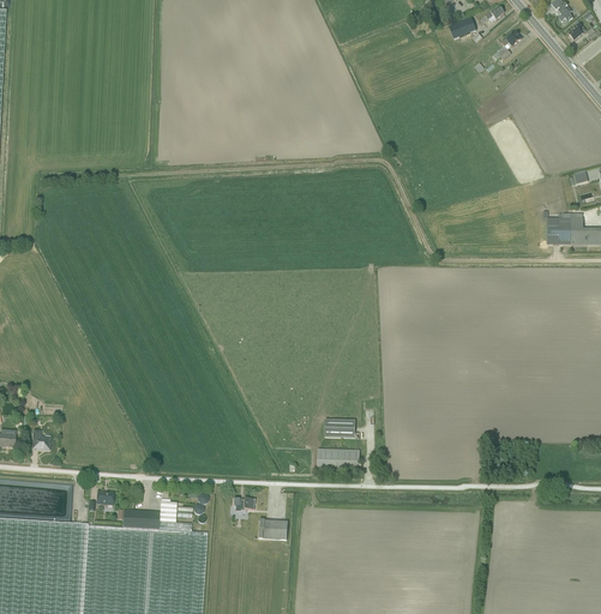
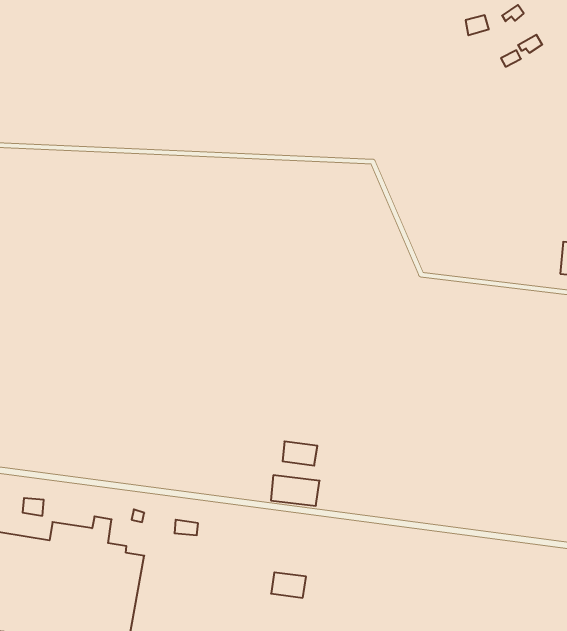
building: [257,520,287,541] -> [271,572,306,598]

